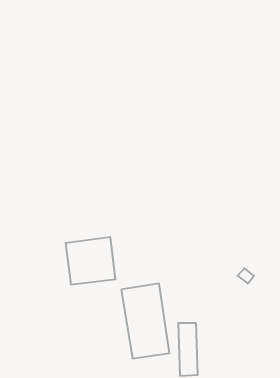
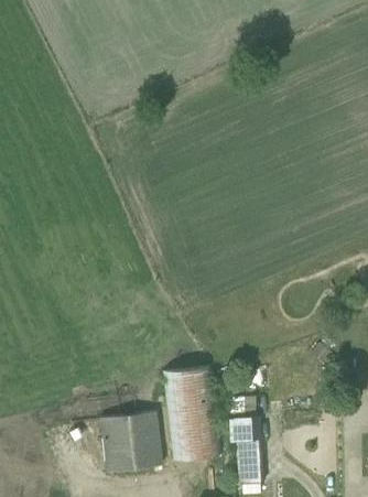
building: [66,237,116,284] -> [101,412,165,473]

